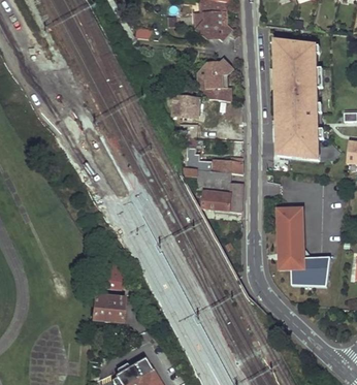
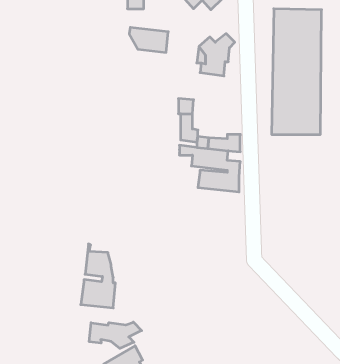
building: [164,94,201,118] -> [129,27,168,52]
building: [280,210,327,287] -> none
building: none -> [89,322,142,348]

